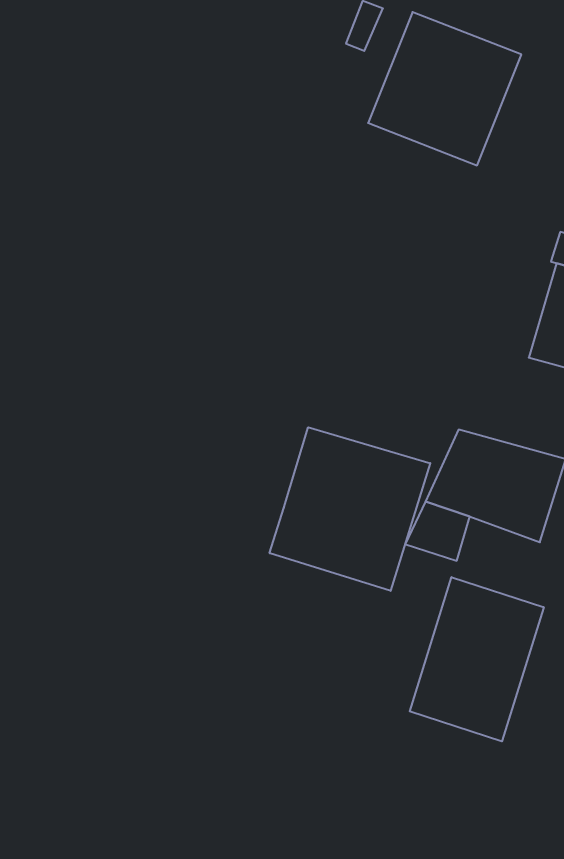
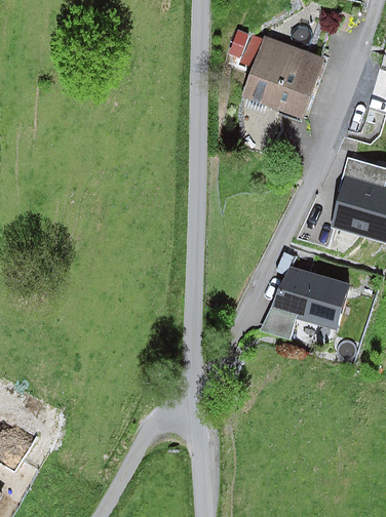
building: [270,427,430,591] -> none
building: [410,577,544,741] -> none

